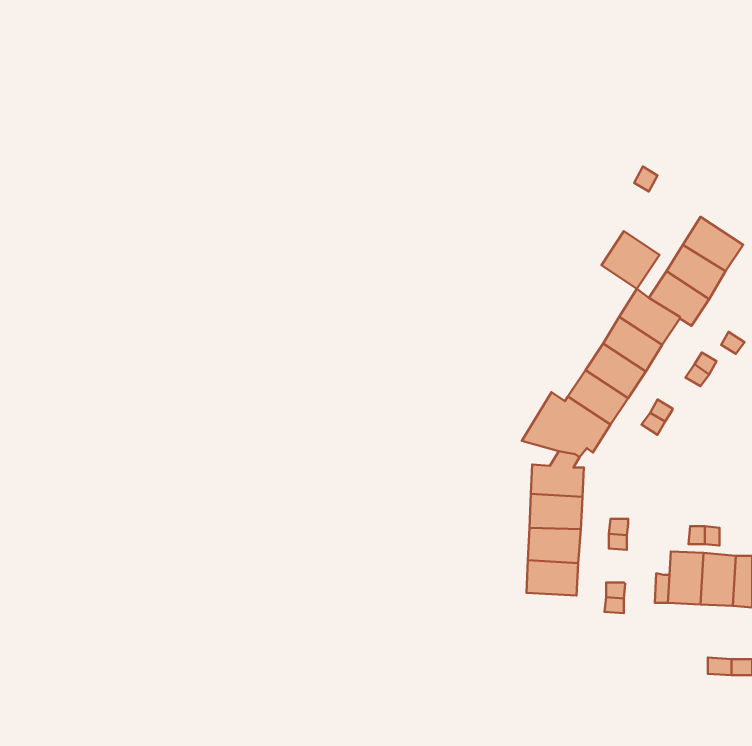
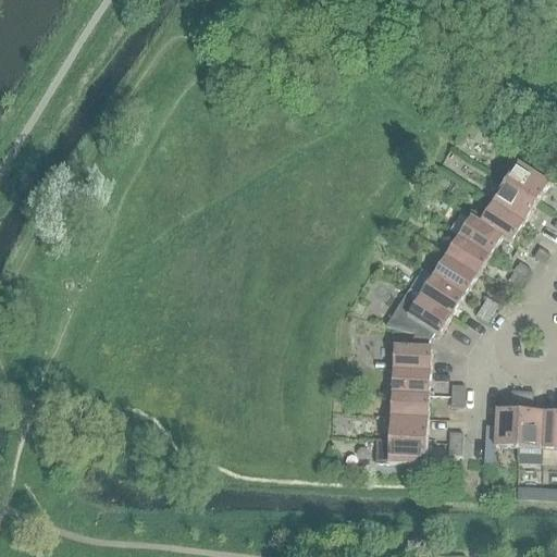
building: [601,231,659,289] -> none
building: none -> [374,437,425,463]

